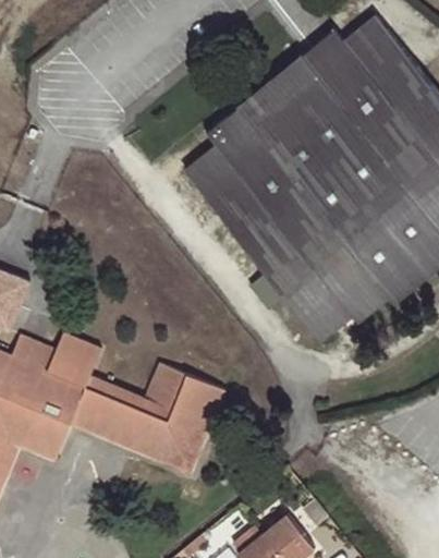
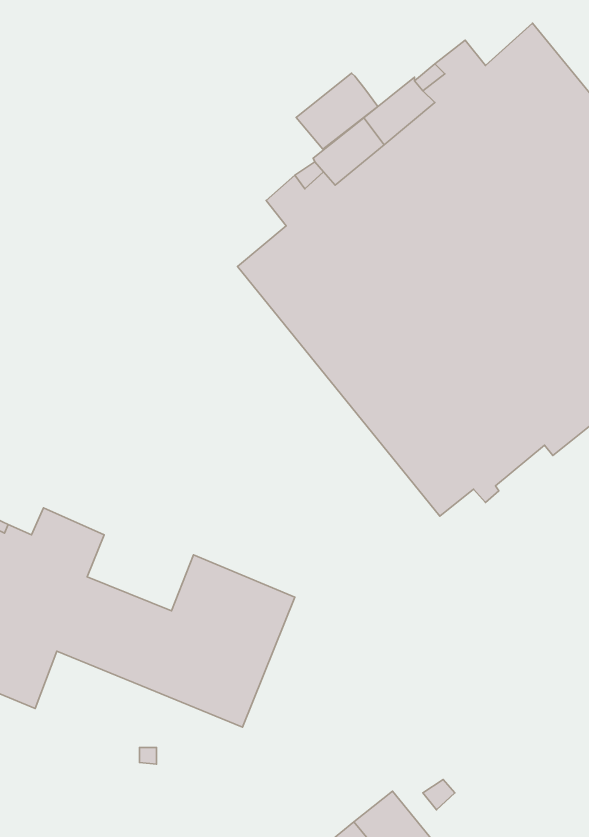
building: none -> [296,73,378,149]

